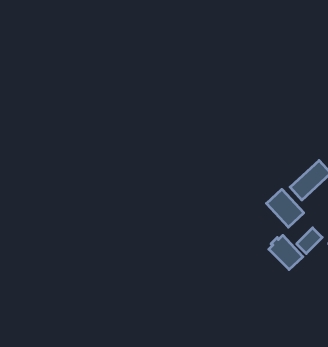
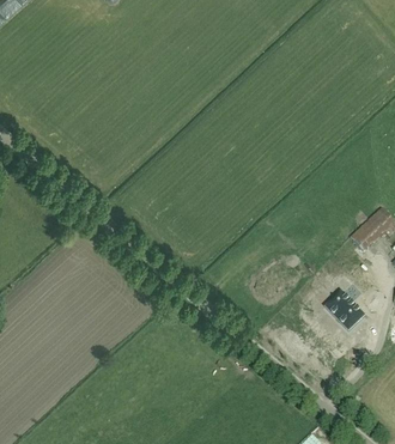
building: [266,189,304,227] -> none

